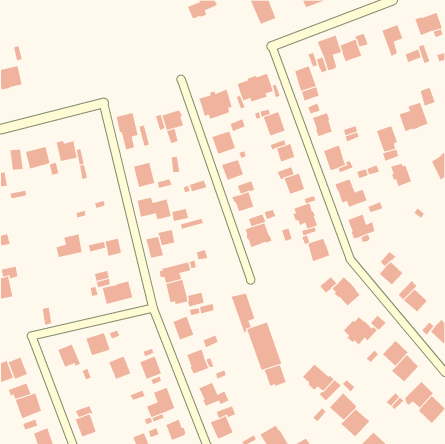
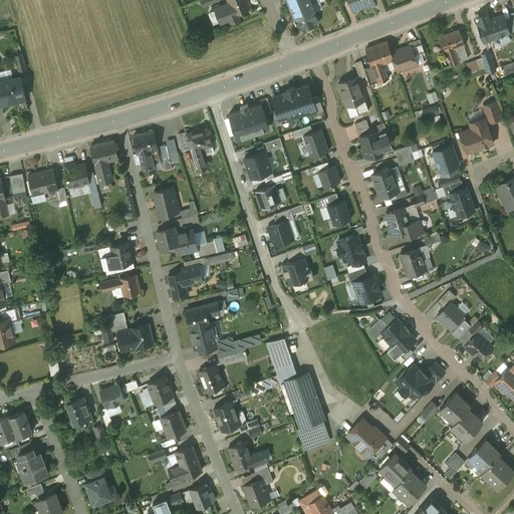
building: none -> [91,142,119,185]
building: [56,234,83,257] -> [102,243,134,270]
building: [109,356,131,380] -> [148,377,174,405]

